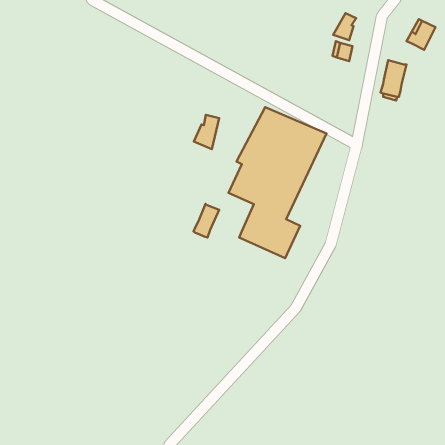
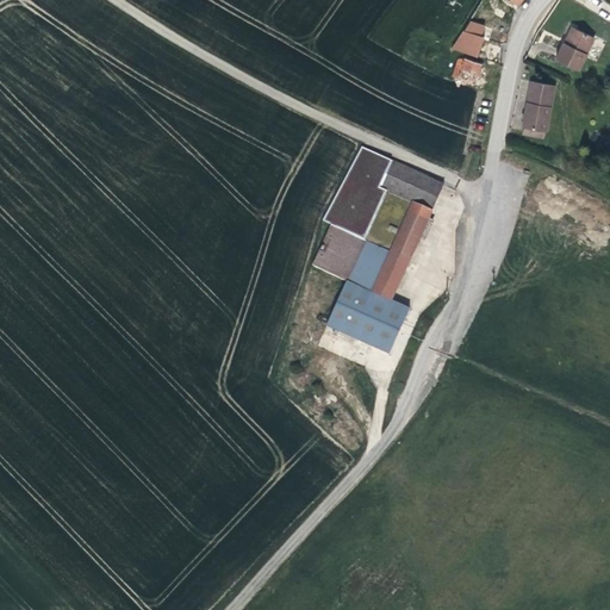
building: [194,115,219,149] -> none
building: [194,204,219,238] -> none

